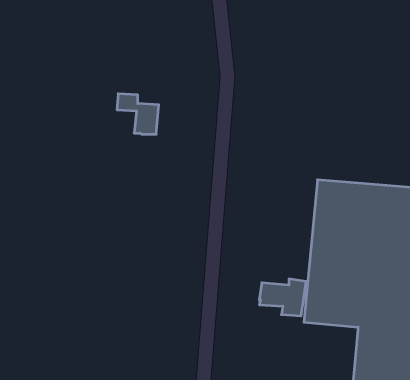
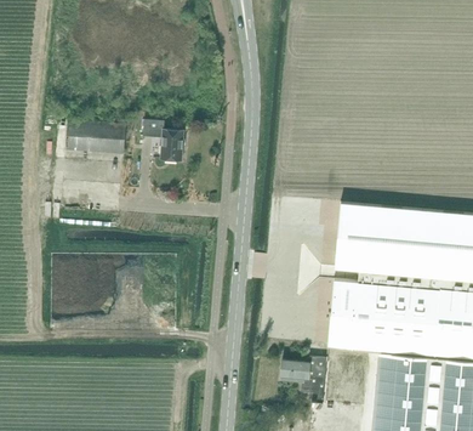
building: none -> [65,119,126,153]
building: [259,279,306,316] -> [280,356,326,392]

